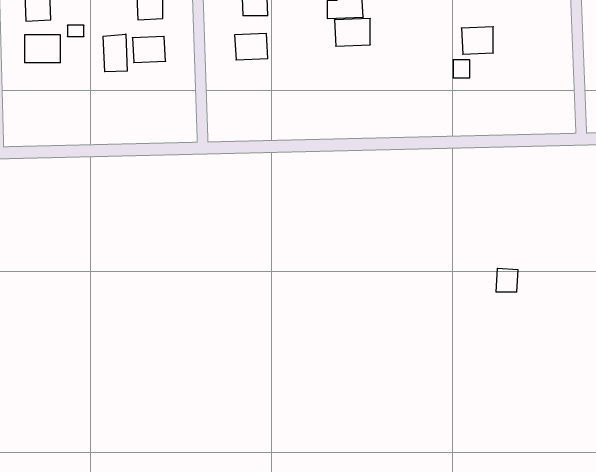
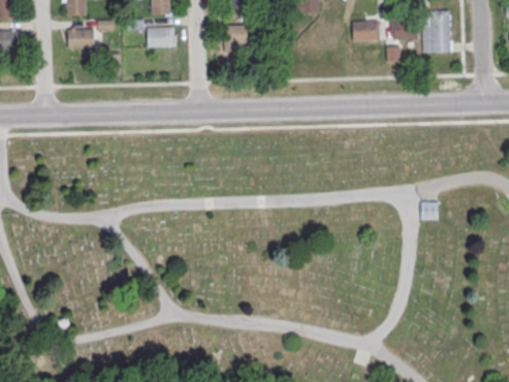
building: none -> [423,9,450,51]
building: [334,19,370,46] -> [353,22,380,42]
building: [103,34,127,72] -> none

